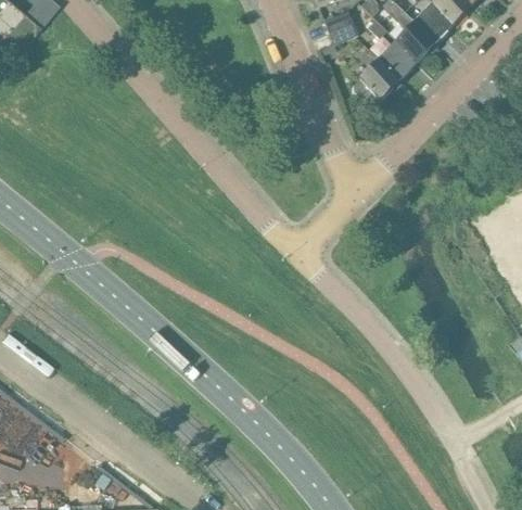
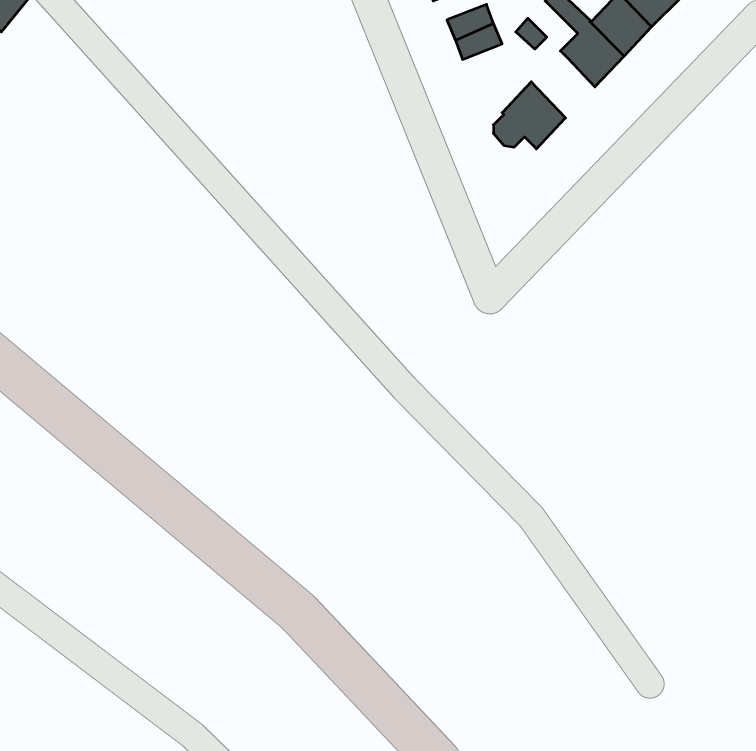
building: [377,36,417,78] -> none

